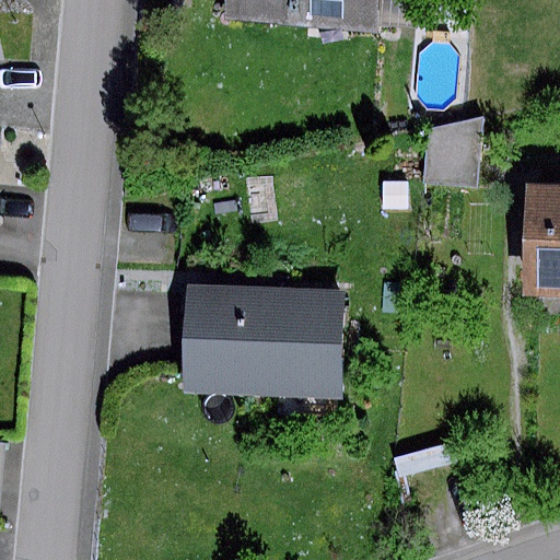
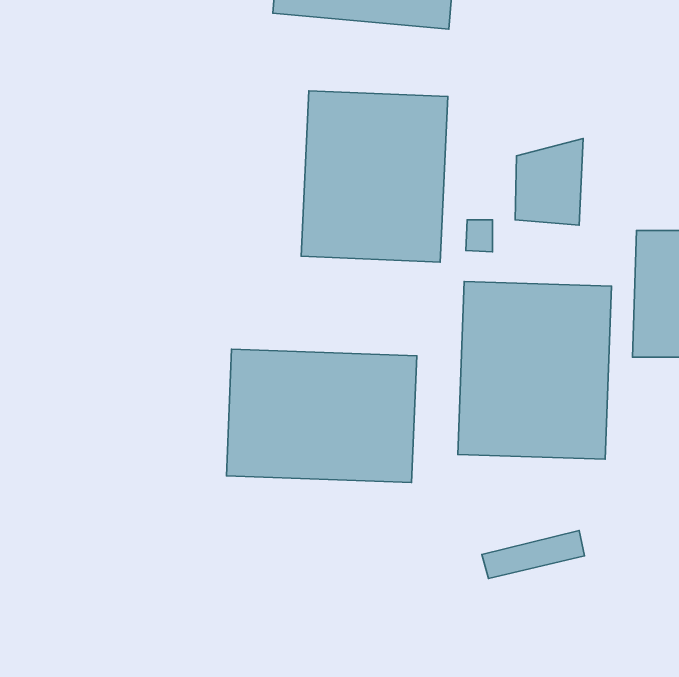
building: none -> [301,91,448,262]
building: none -> [458,282,611,459]

